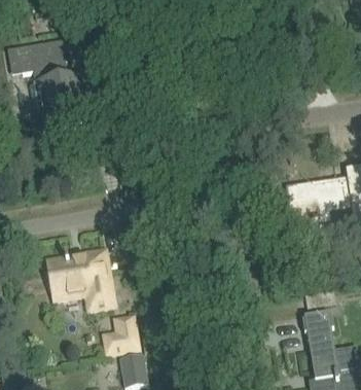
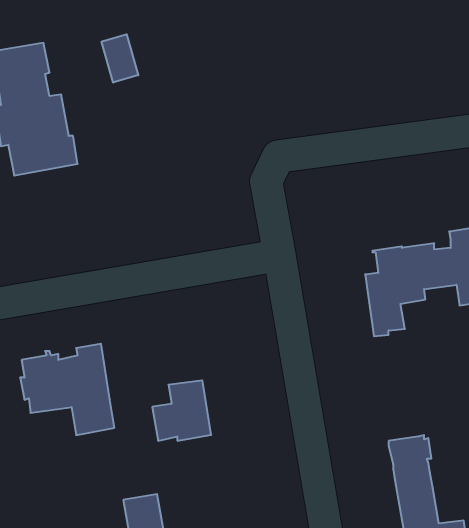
building: none -> [102,34,138,83]
building: [101,313,142,355] -> [152,380,211,441]

